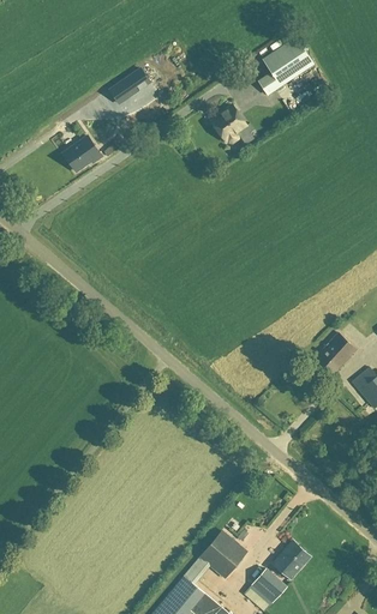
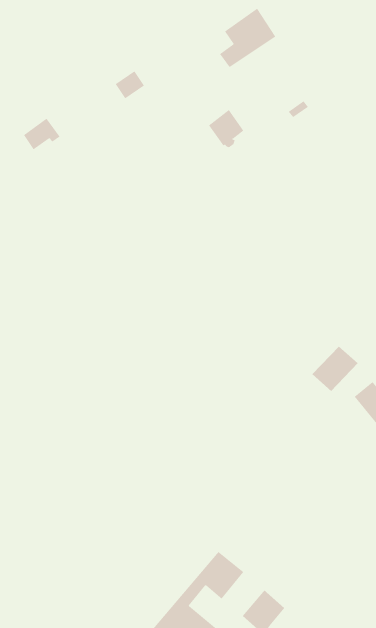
building: [258,37,313,95] -> [219,8,276,68]
building: [66,140,102,171] -> [23,118,61,150]
building: [274,542,310,579] -> none

